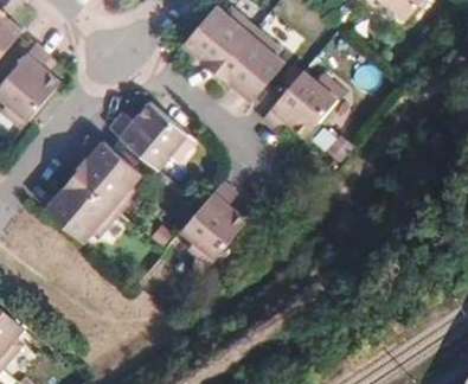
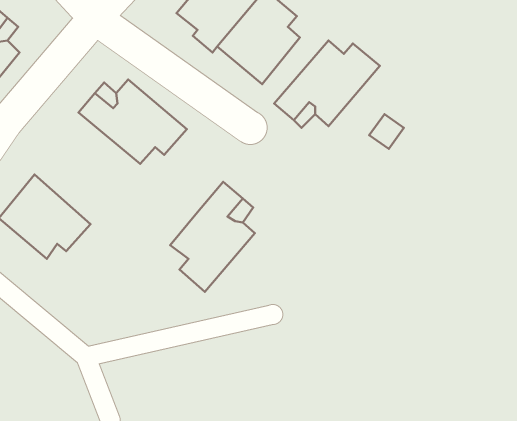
building: [69,142,137,215] -> none

